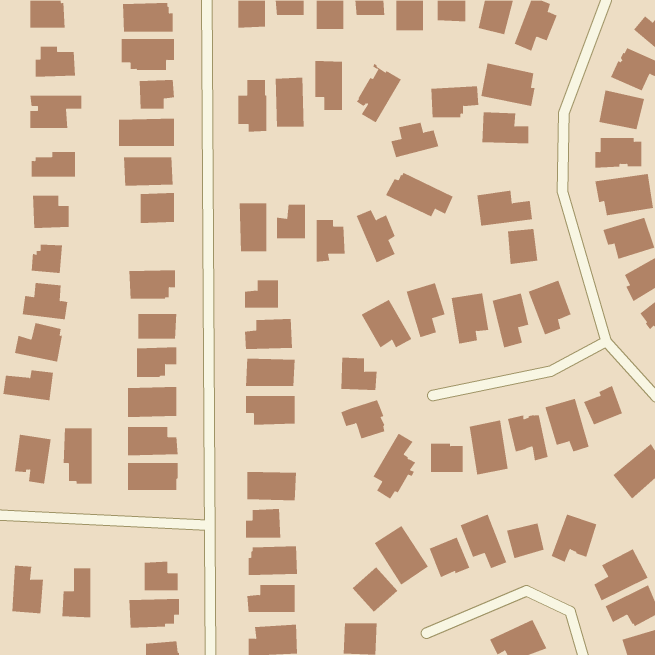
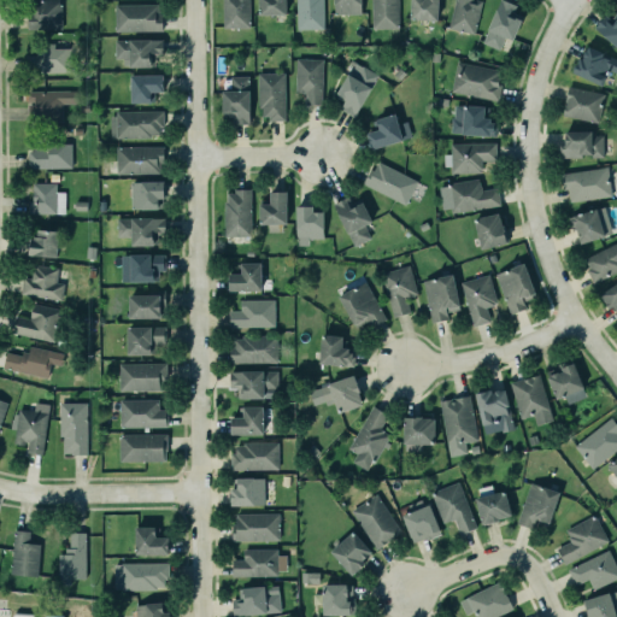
building: [430,86,479,118] -> [452,142,498,172]
building: none -> [118,218,166,246]
building: none -> [231,407,264,436]

